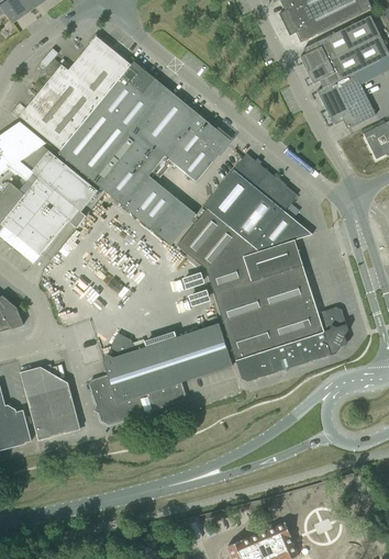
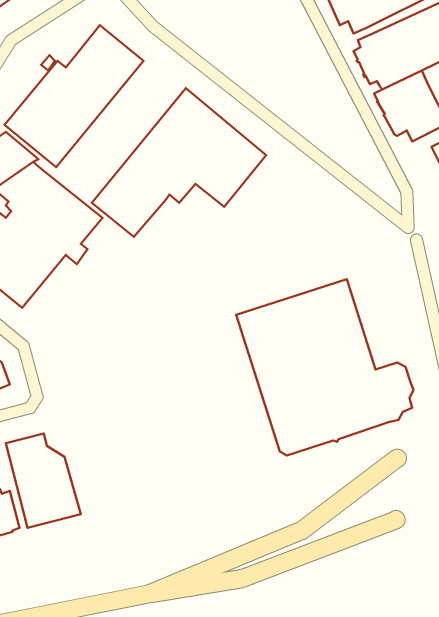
building: [58,60,165,178] -> none
building: [177,153,312,268] -> none
building: [123,176,196,245] -> none
building: [90,322,232,423] -> none

